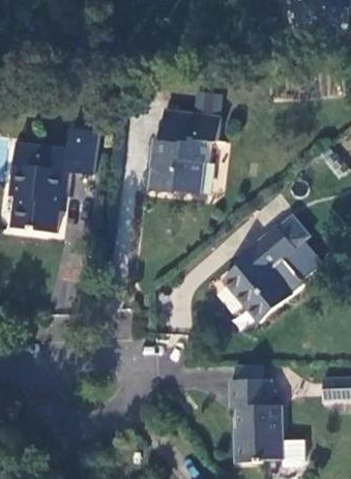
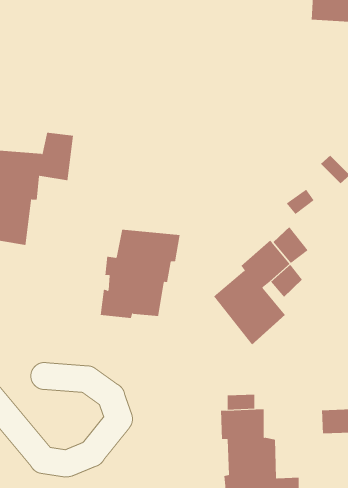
building: [148,114,222,196] -> [100,229,180,319]

